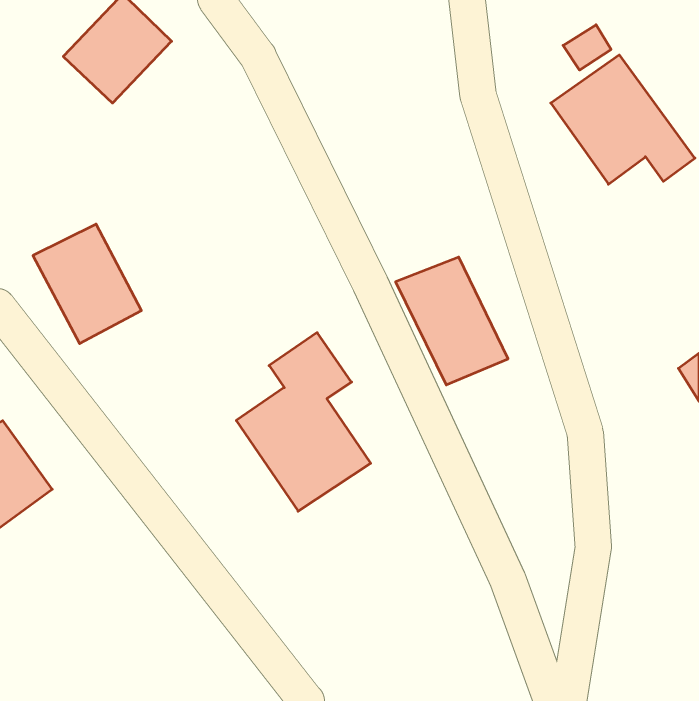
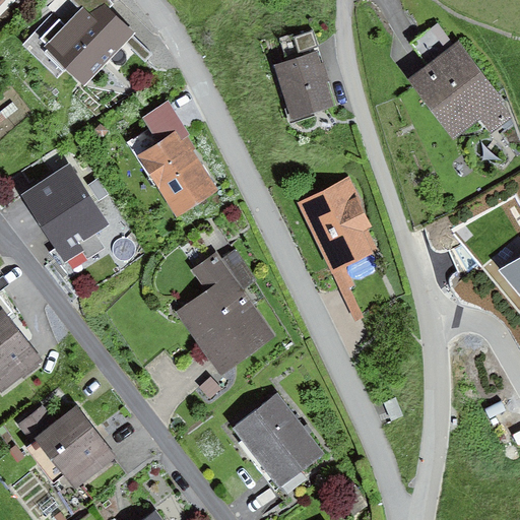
building: none -> [277,49,331,114]
building: none -> [135,100,219,218]
building: none -> [238,401,321,486]
building: none -> [24,405,115,489]

